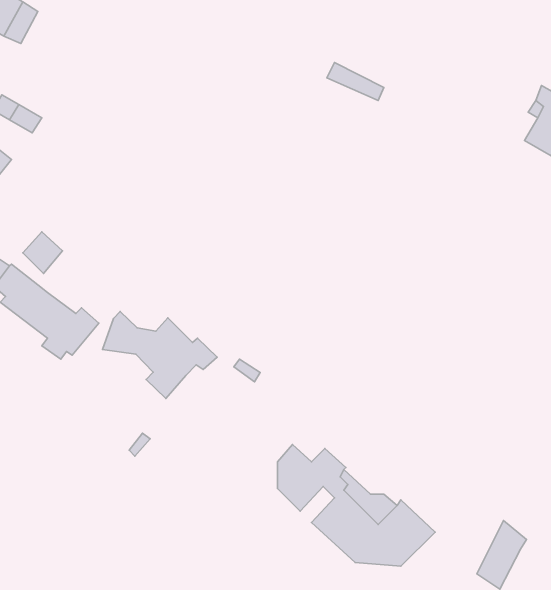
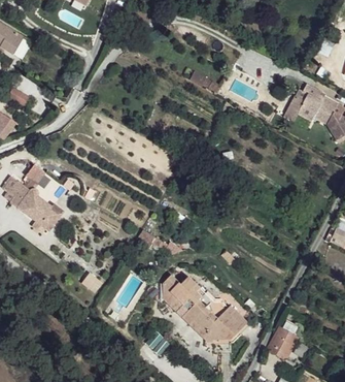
building: [103,312,217,398] -> none

